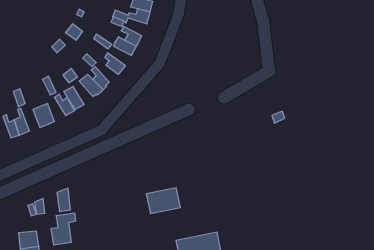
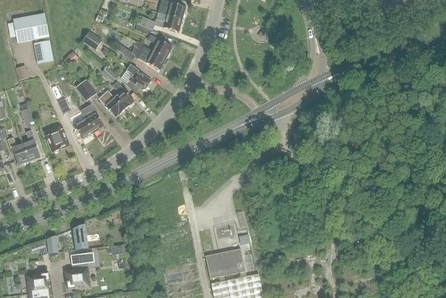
building: none -> [13,11,53,62]
building: [146,188,180,214] -> [205,247,245,277]

